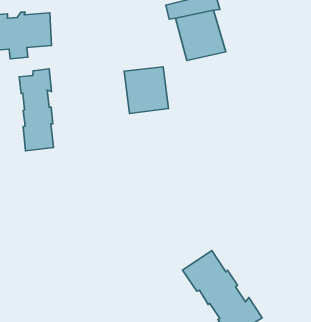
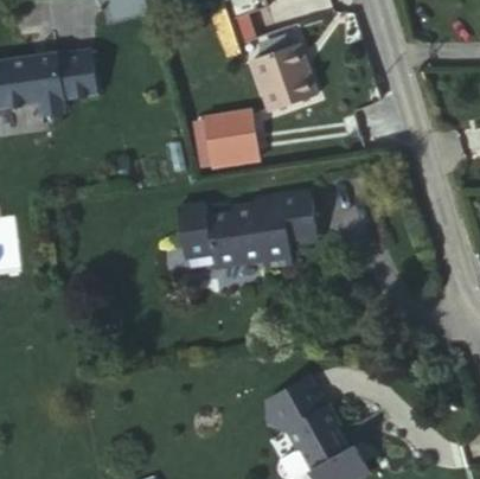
building: [19,69,53,151] -> none
building: none -> [173,190,313,268]

